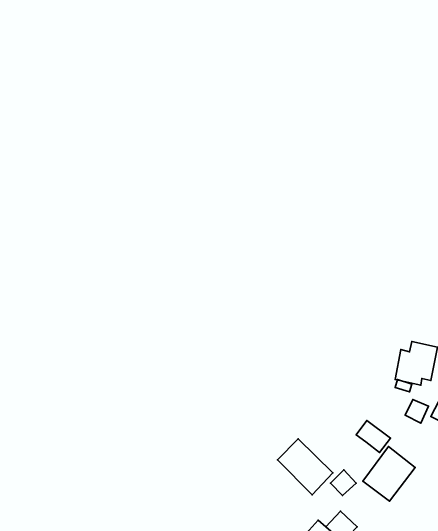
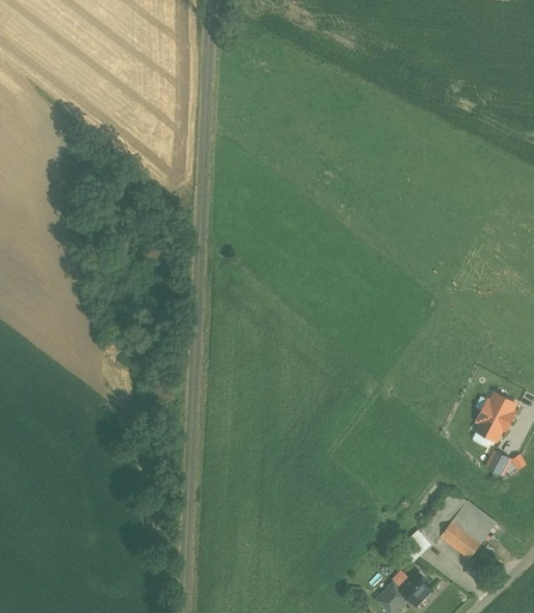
building: [356,420,391,452] -> none
building: [277,439,333,495] -> none

